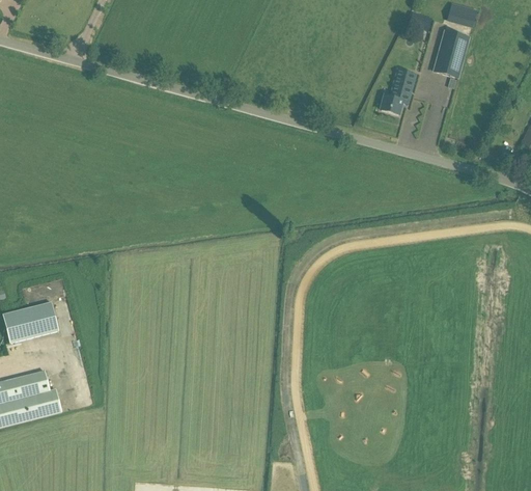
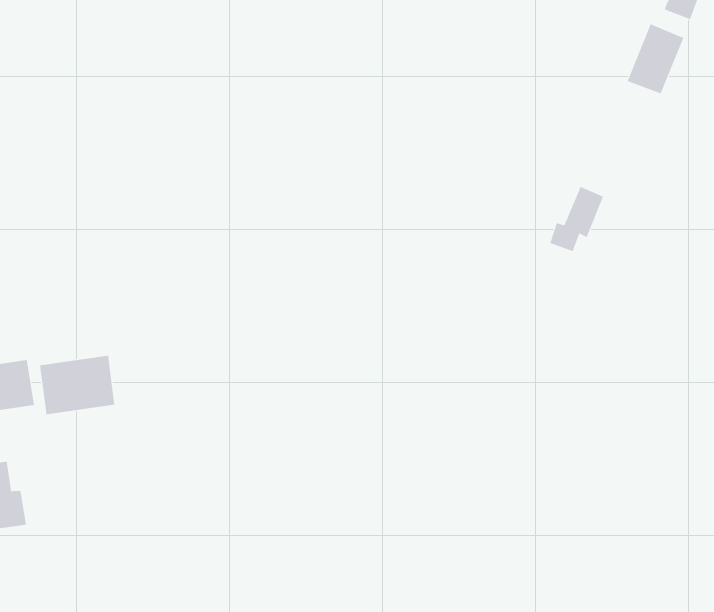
building: [381,70,414,114] -> [549,186,604,252]
building: none -> [40,355,115,415]

